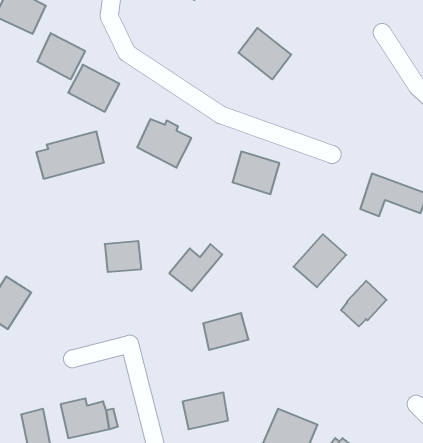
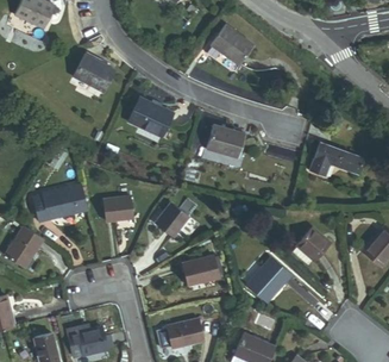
building: [37,33,85,79] -> none
building: [36,132,104,179] -> [32,182,87,220]
building: [293,234,346,287] -> [249,258,291,301]

